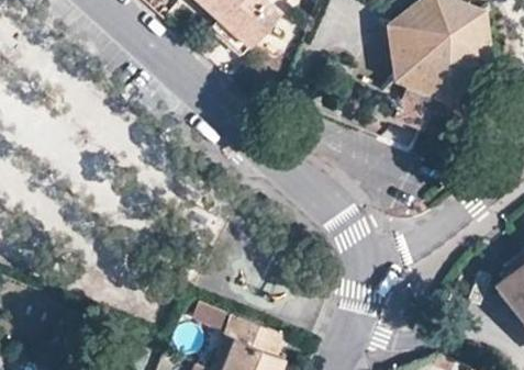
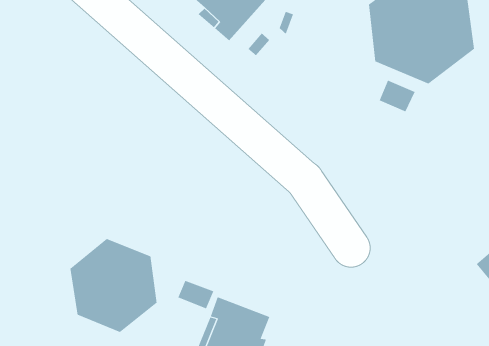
building: none -> [70,238,157,333]

